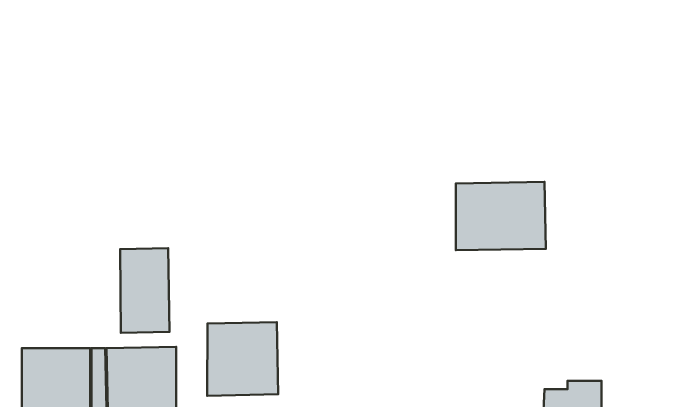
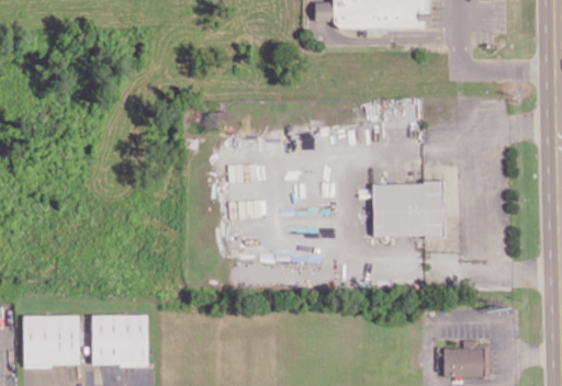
building: [120,248,170,333] -> none
building: [207,322,278,396] -> none

